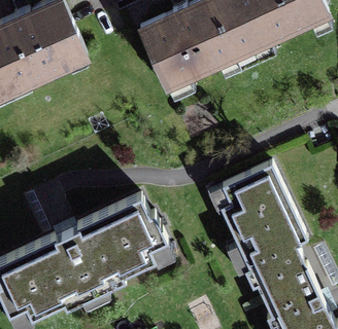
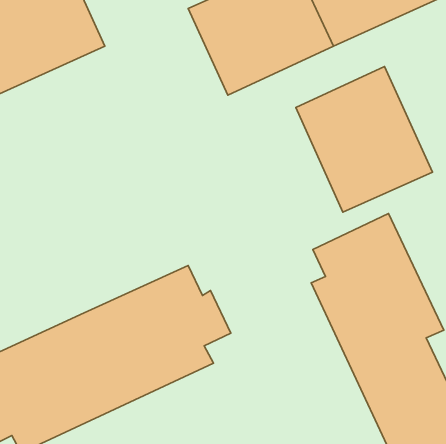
building: none -> [296,66,433,212]

